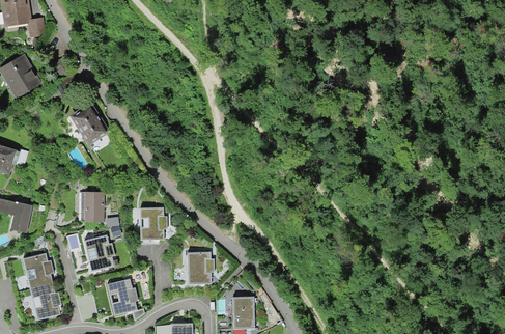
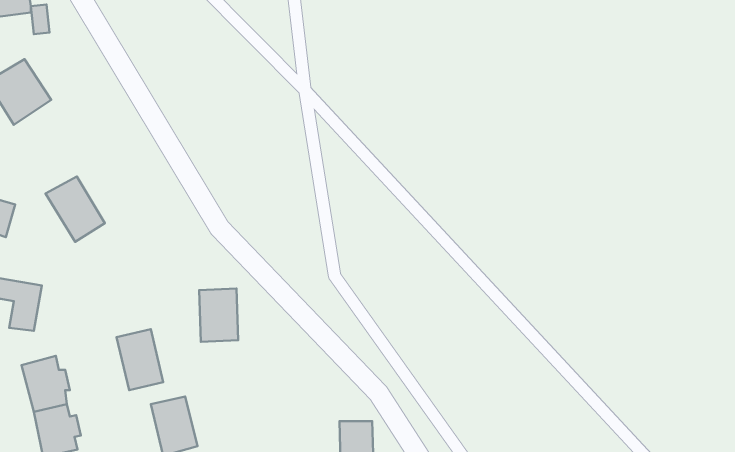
building: [71,103,110,146] -> [46,176,105,242]
building: [84,199,104,223] -> none
building: [187,249,211,285] -> none

